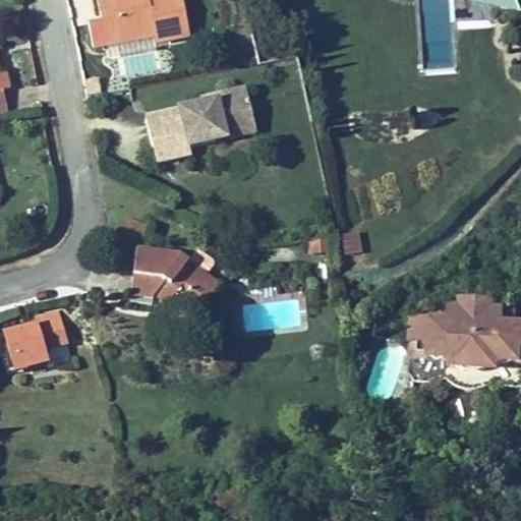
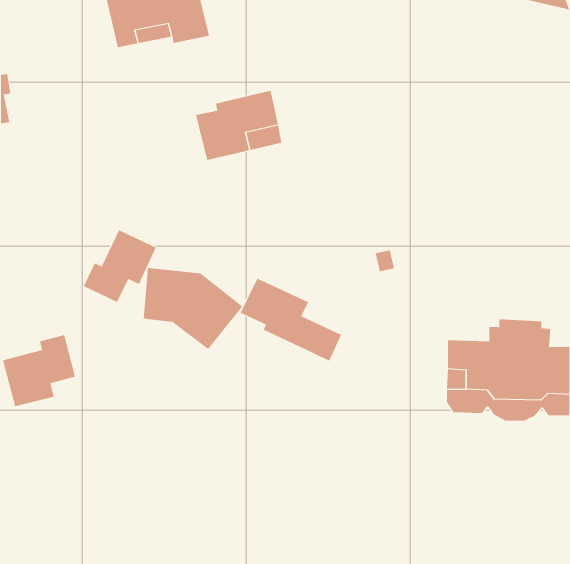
building: [146,105,189,162] -> none
building: none -> [83,229,157,303]
building: none -> [240,278,342,362]

